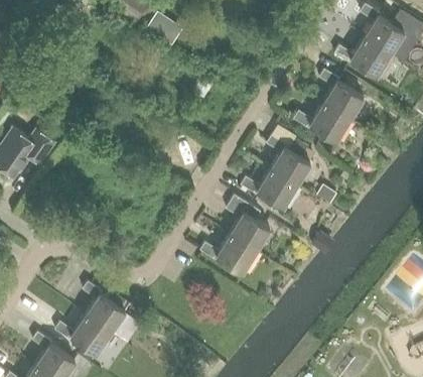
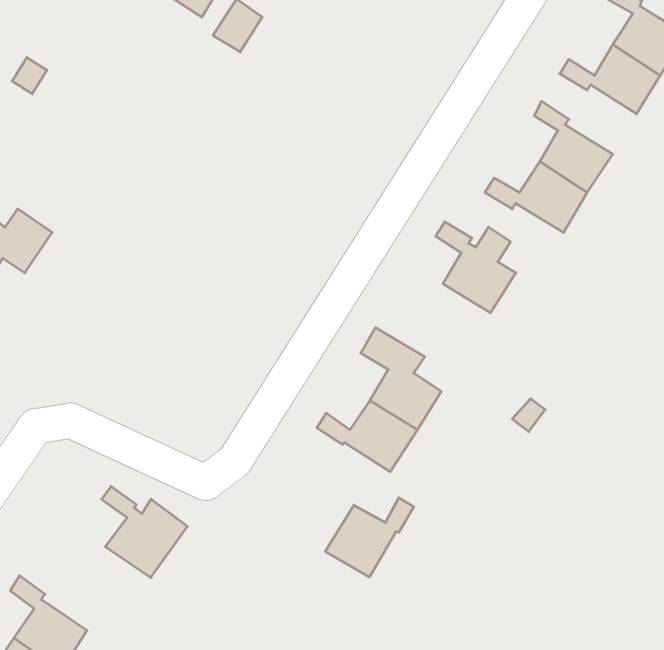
building: [242,170,297,209] -> none
building: none -> [325,498,414,577]
building: [54,316,110,354] -> none

